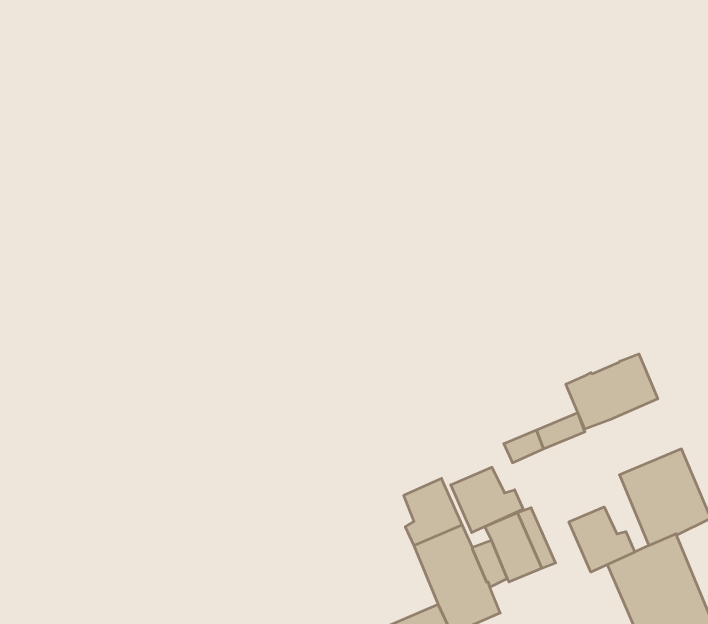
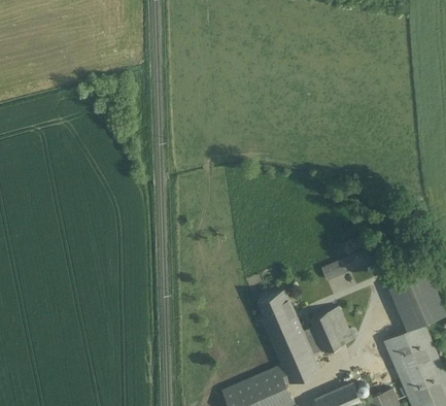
building: [566,354,658,429] -> none
building: [451,467,523,533] -> none
building: [569,507,635,572] -> none

